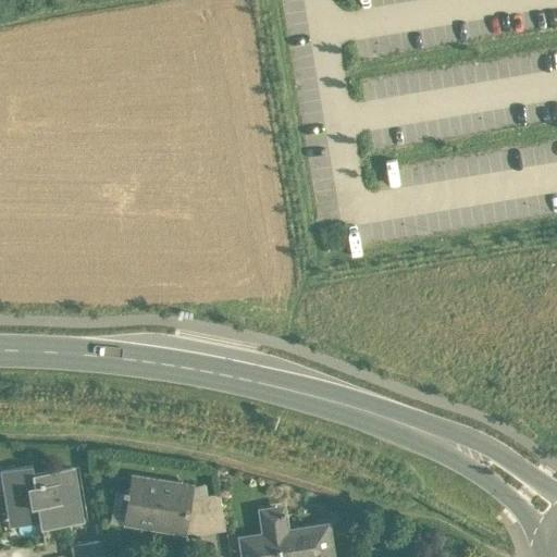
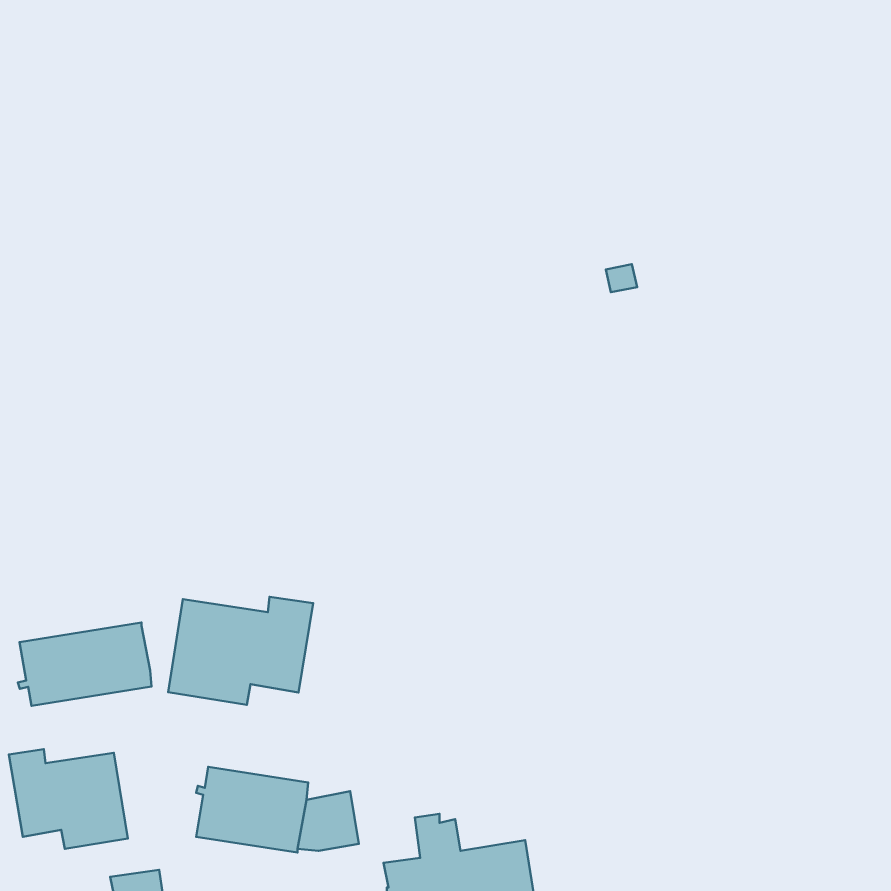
building: none -> [168,597,313,705]
building: none -> [18,622,151,706]

